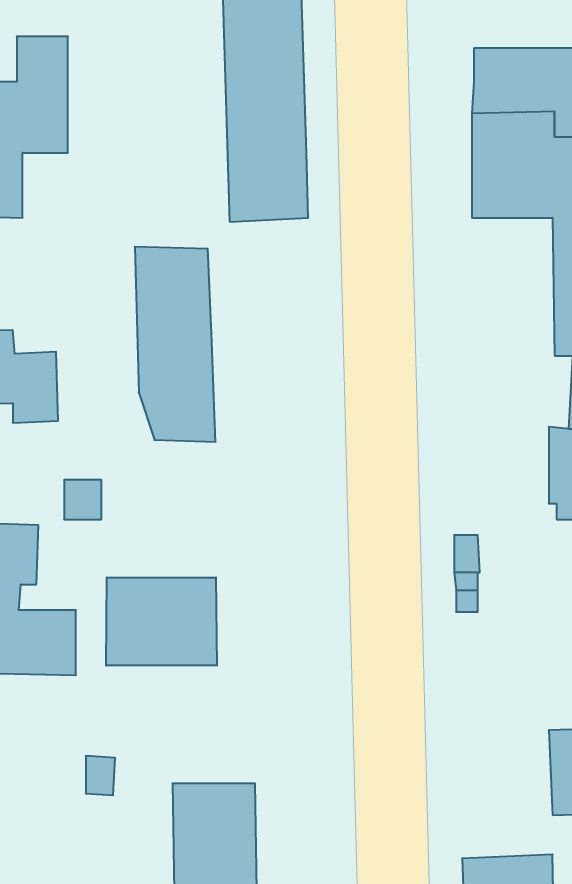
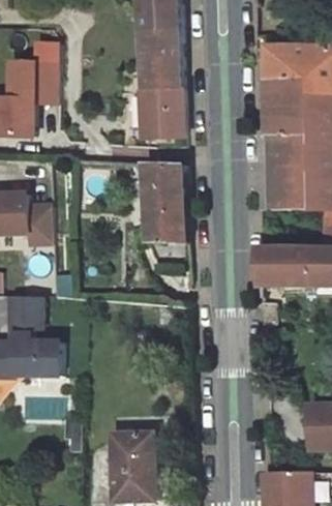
building: none -> [266,136,310,208]
building: [135,247,216,442] -> [143,163,185,266]
building: none -> [256,245,307,286]
building: [106,577,217,666] -> none

